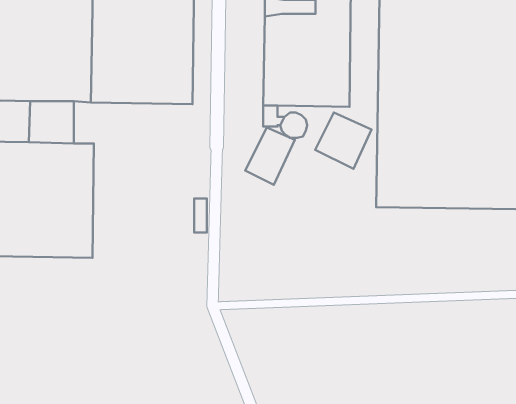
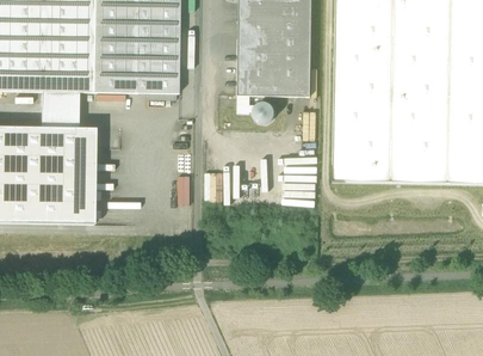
building: [315,112,371,169] -> none
building: [245,128,295,185] -> none

